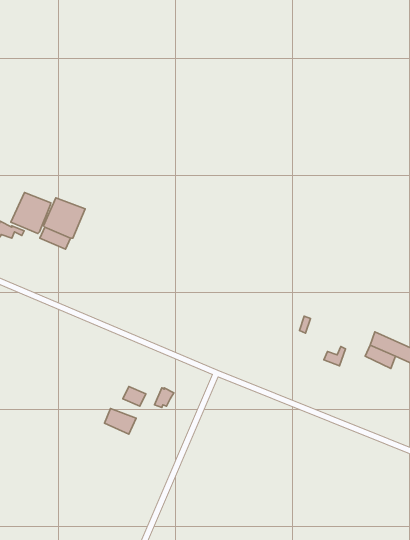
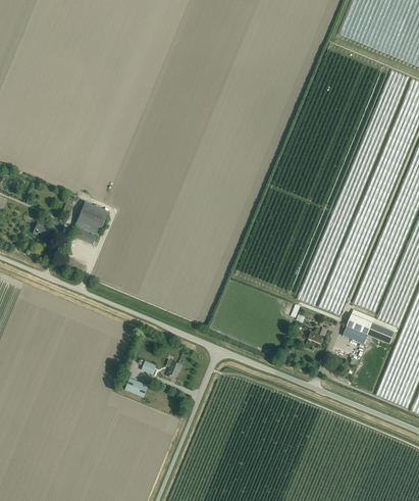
building: [11,192,51,234] -> none

